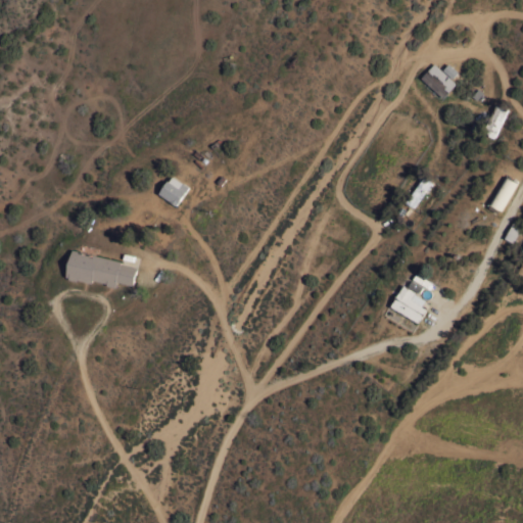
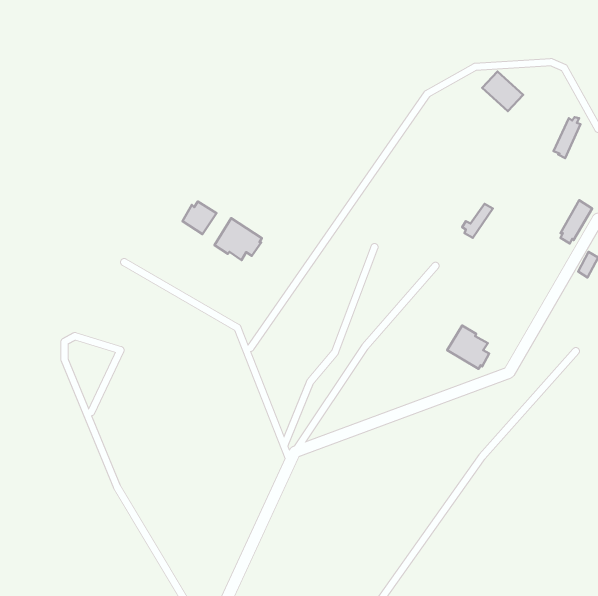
building: none -> [214,218,262,260]
building: [66,251,137,289] -> none

